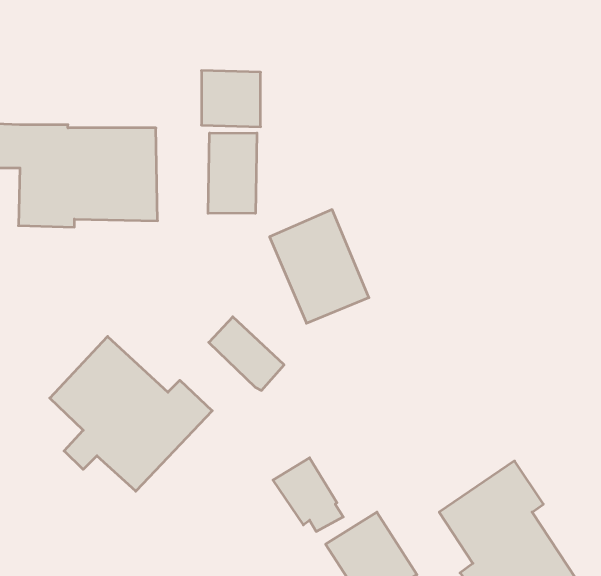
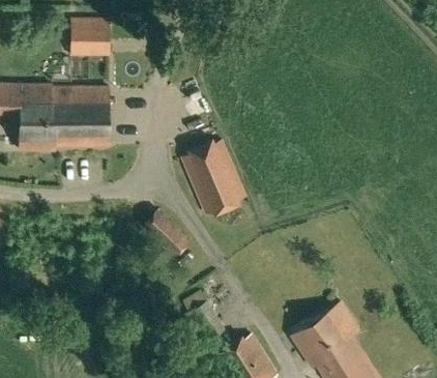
building: [201,71,261,127] -> [70,18,109,54]
building: [208,133,257,213] -> none
building: [50,336,212,491] -> none

